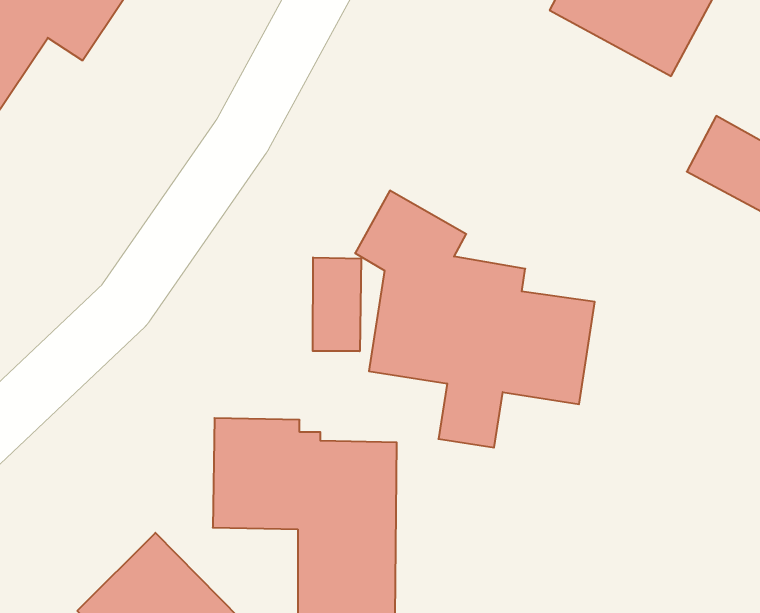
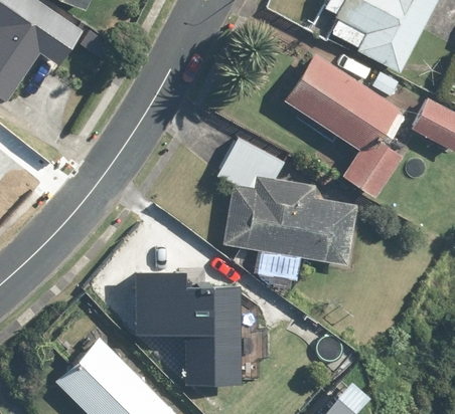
building: none -> [284,53,405,197]
building: [313,257,361,351] -> none

